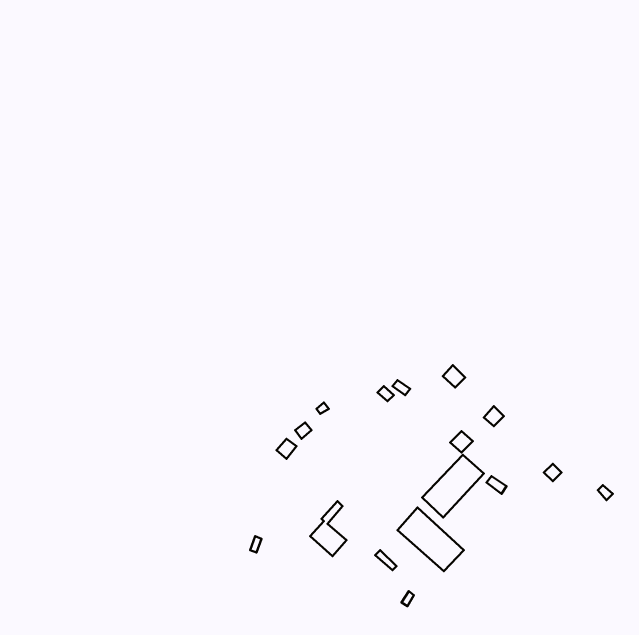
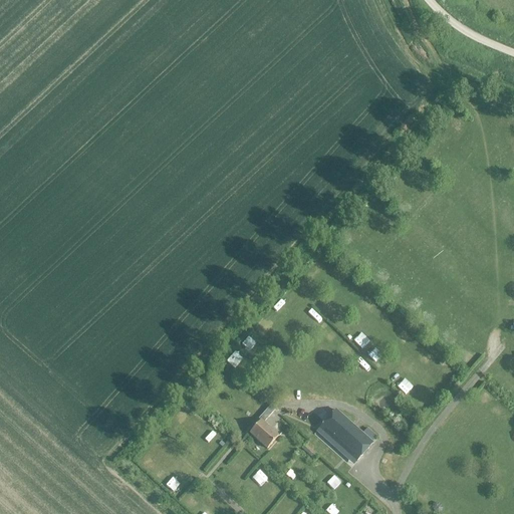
building: [422,455,484,518] -> none

